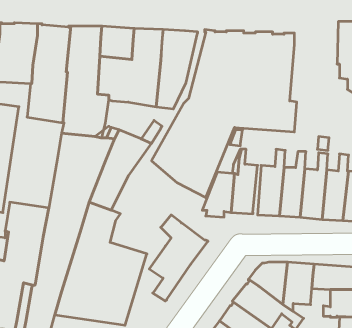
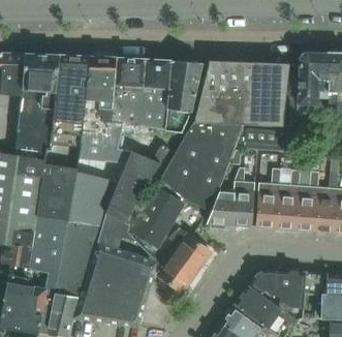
building: none -> [297,52,329,114]
building: none -> [36,139,83,220]
building: none -> [129,187,185,248]

